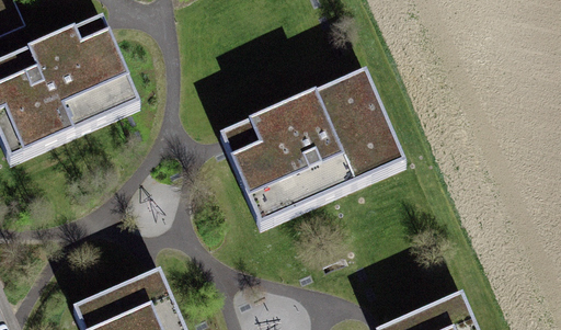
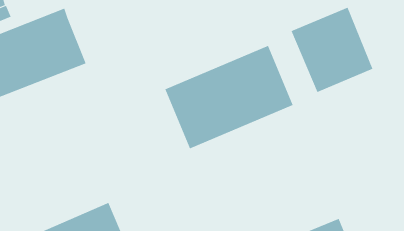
building: none -> [291,7,373,93]

